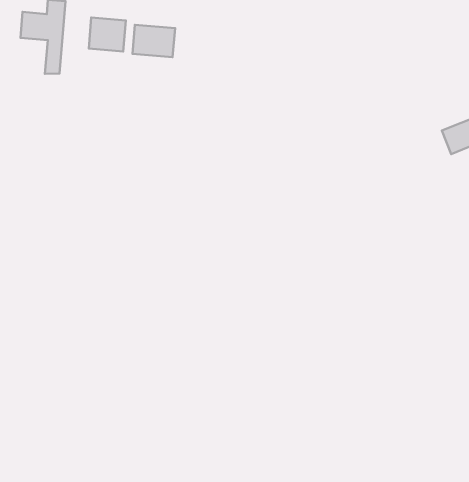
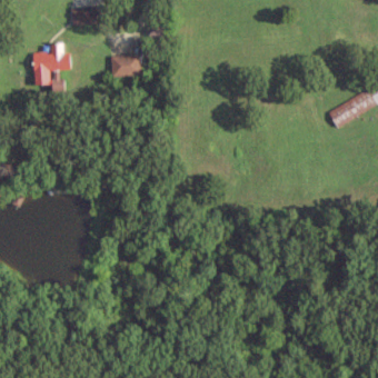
building: [89,18,126,51] -> none

